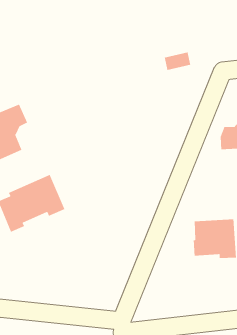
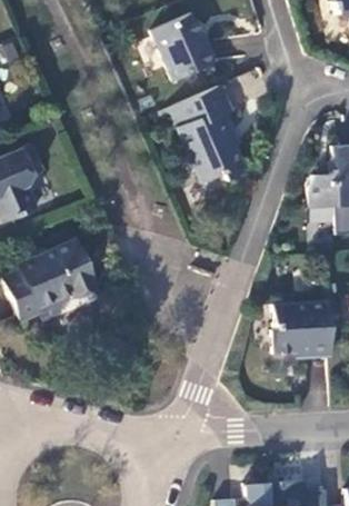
building: none -> [152,13,217,81]
building: none -> [170,86,245,182]

